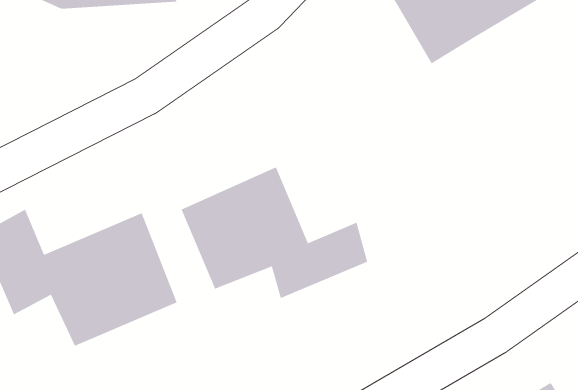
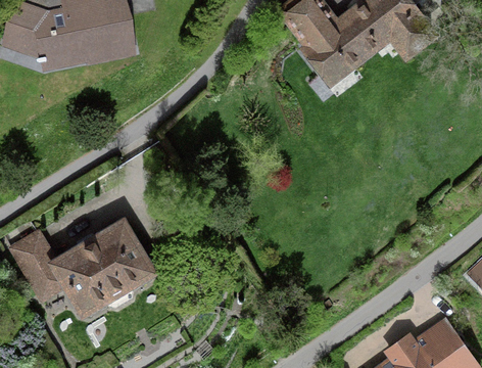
building: [181,166,368,299] -> none

